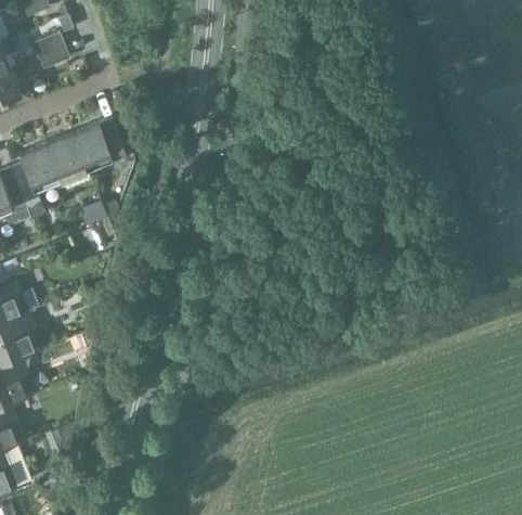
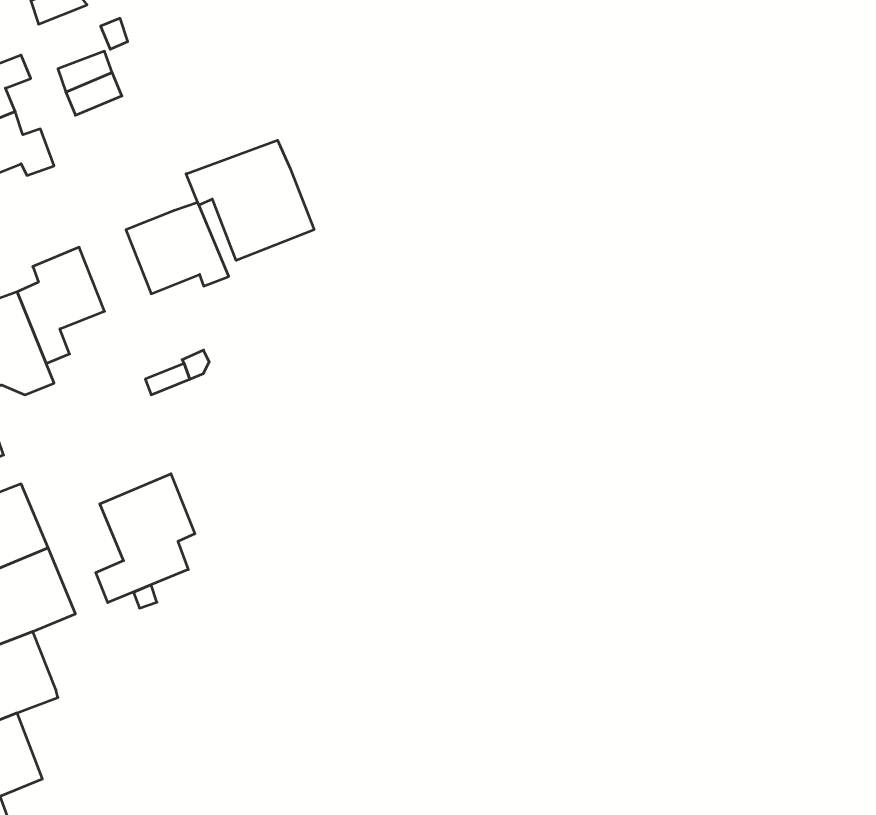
building: none -> [186,140,314,260]
building: [45,133,86,179] -> none
building: none -> [96,474,195,603]

